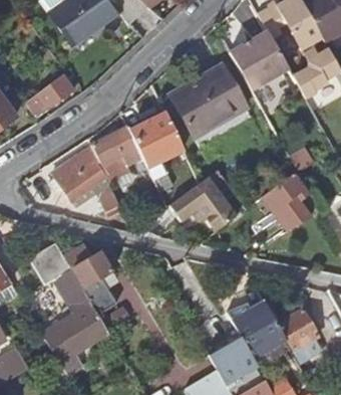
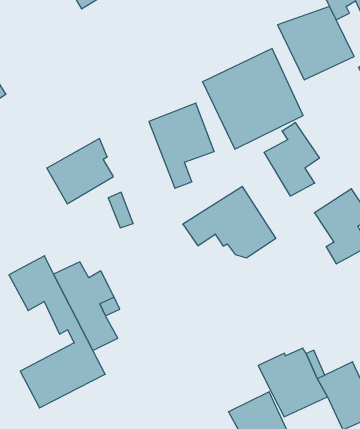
building: [26,61,89,112] -> none
building: none -> [264,122,319,196]
building: [92,127,138,164] -> none

